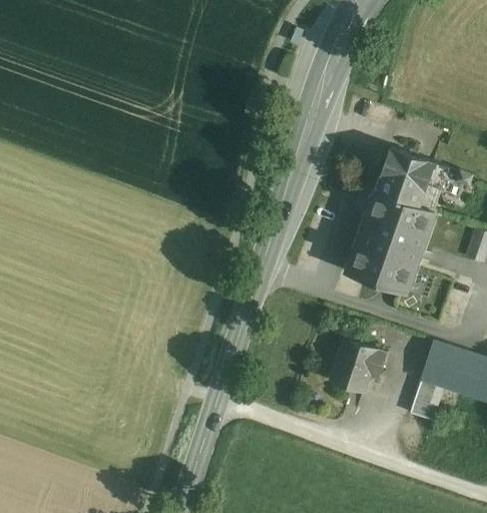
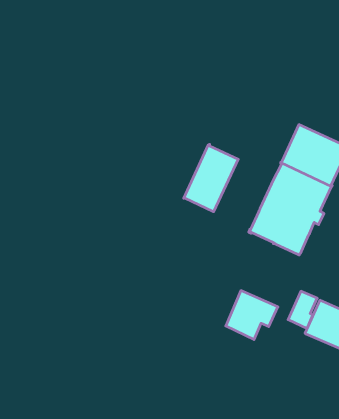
building: none -> [184,144,238,212]
building: [411,381,441,422] -> [288,291,317,329]

